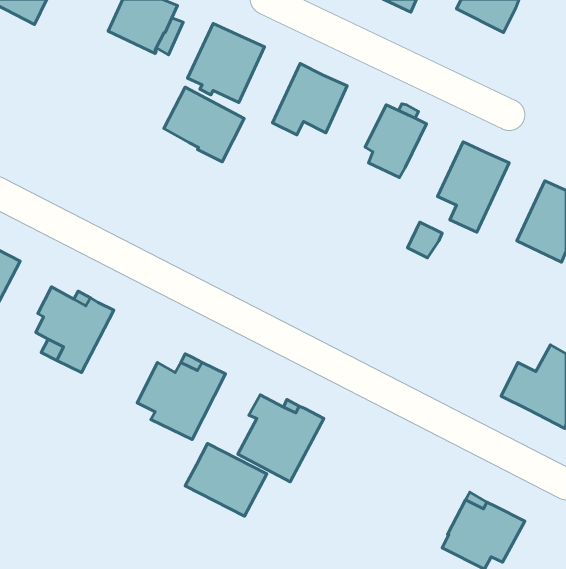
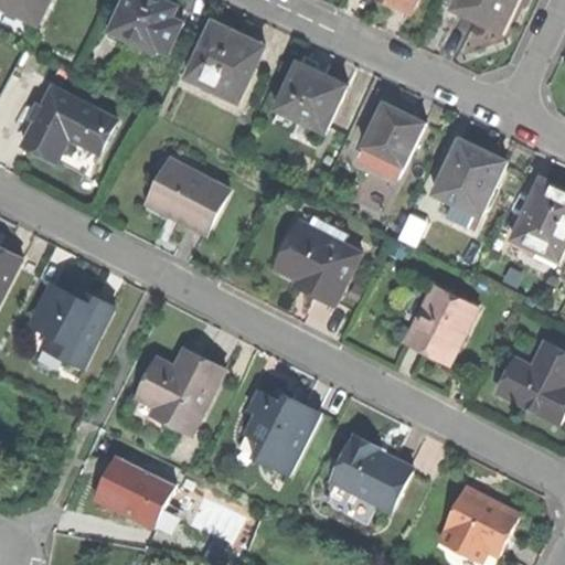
building: [164,87,244,162] -> [148,160,227,234]
building: none -> [22,88,115,162]
building: none -> [276,223,359,302]
building: none -> [403,285,477,365]
building: none -> [330,436,411,511]
building: [185,444,267,516] -> [95,455,175,526]

